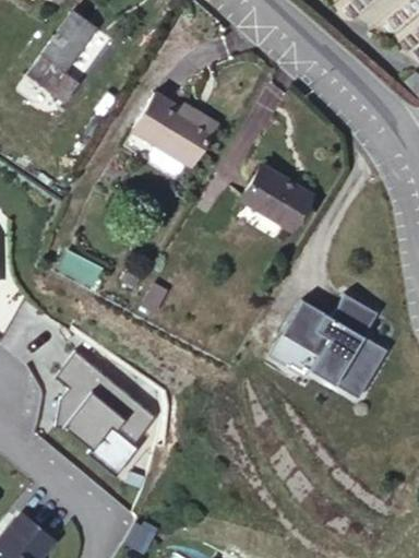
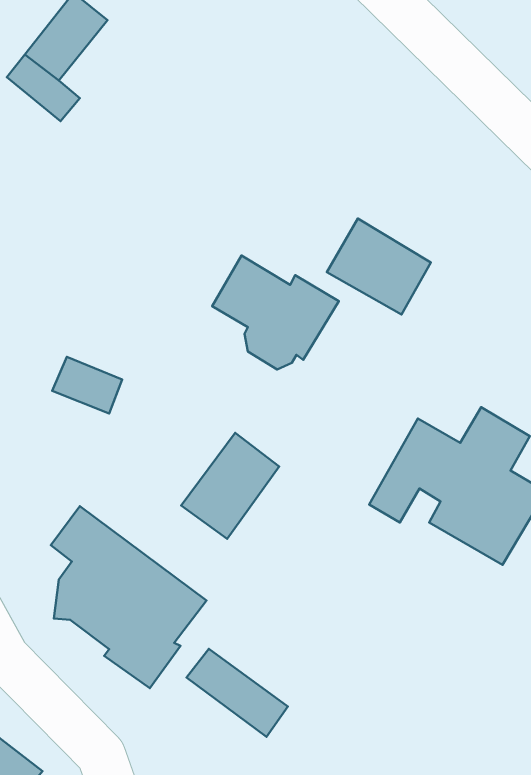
building: [132,96,217,173] -> [212,256,339,369]
building: none -> [181,433,279,539]
building: none -> [187,649,288,737]

